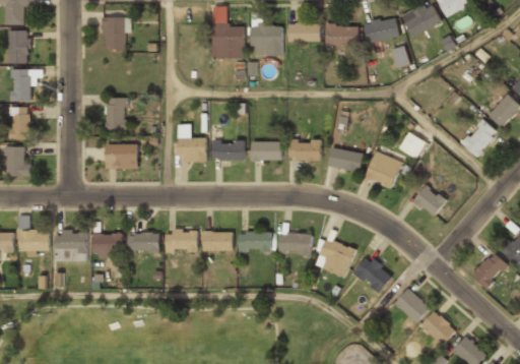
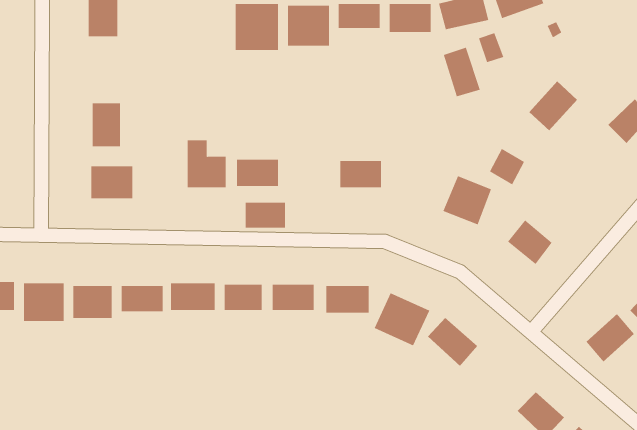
building: none -> [443,47,480,97]
building: [460,120,497,158] -> [528,80,578,131]
building: [251,141,281,161] -> [245,202,286,228]
building: [328,148,361,173] -> none
building: [393,288,429,323] -> none

